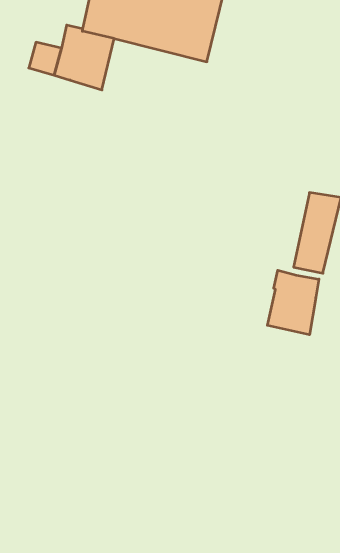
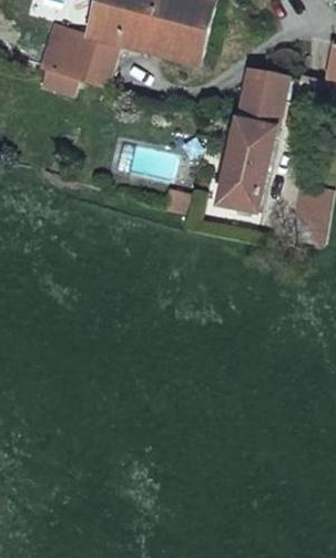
building: none -> [218,68,288,210]
building: [267,270,319,335] -> none

